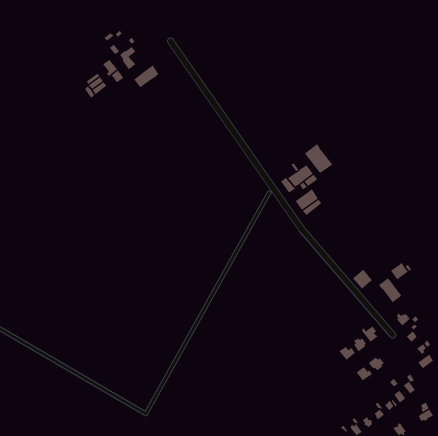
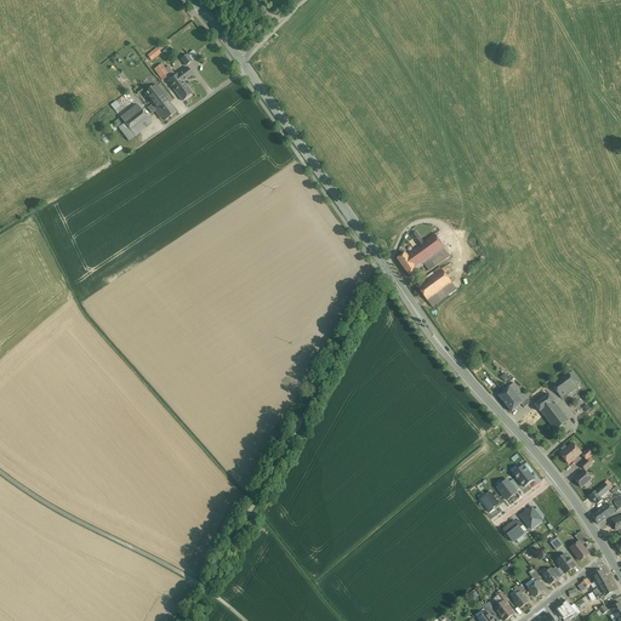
building: [133,65,159,88] -> none
building: [304,143,333,174] -> none

